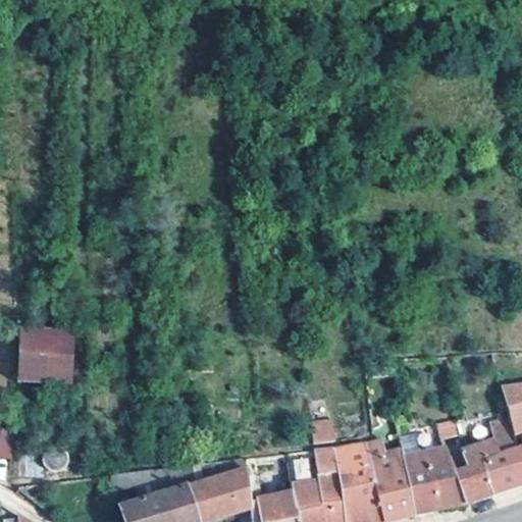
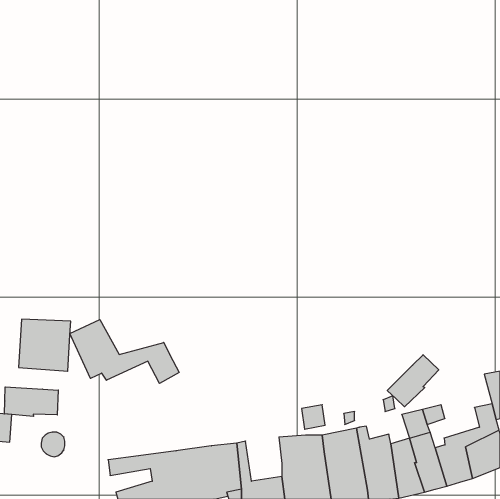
building: none -> [70,320,179,383]
building: none -> [387,355,439,407]
building: none -> [5,387,58,416]

